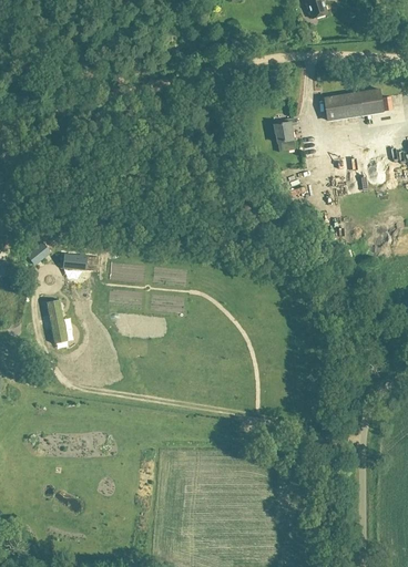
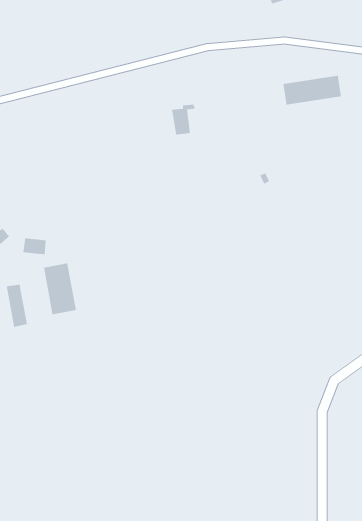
building: [273,117,297,150] -> [171,104,195,136]
building: none -> [43,262,77,315]

